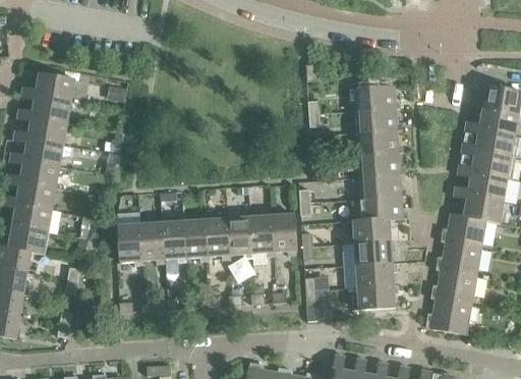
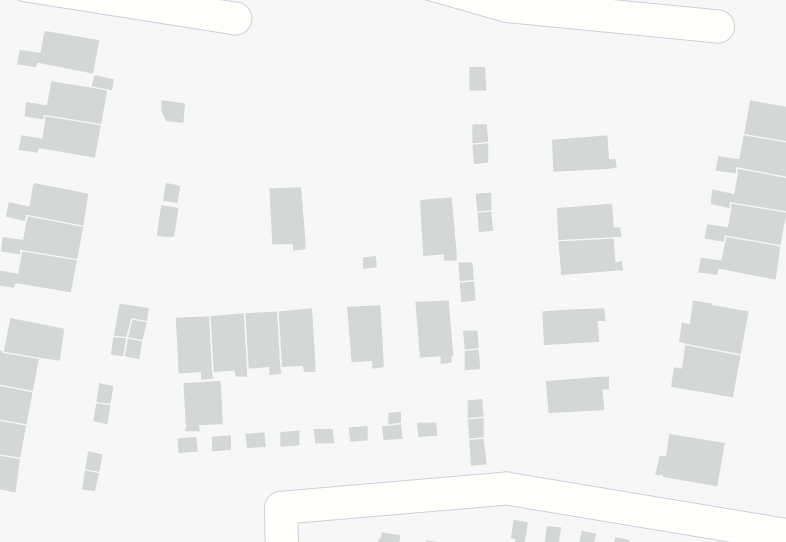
building: [357,86,399,111] -> none
building: [12,117,66,146] -> [16,30,100,75]
building: [359,130,402,155] -> none
building: [462,195,503,223] -> none
building: [364,196,406,220] -> none
building: [11,204,51,232] -> none
building: [249,215,274,257] -> [419,196,457,262]
building: [206,218,230,260] -> [268,186,307,251]
building: [353,241,395,266] -> none
building: none -> [183,380,224,432]
building: [429,271,475,306] -> none
building: [356,285,398,310] -> none

